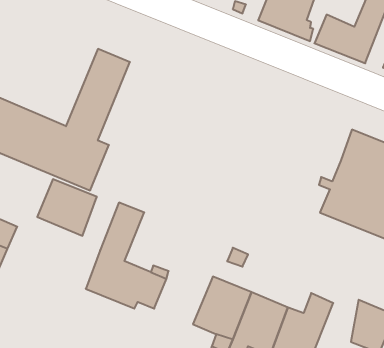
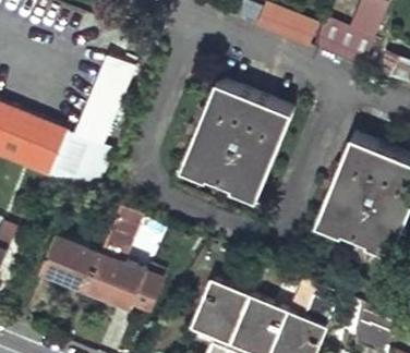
building: none -> [183,81,291,193]
building: [37,179,97,236] -> [43,236,101,292]

